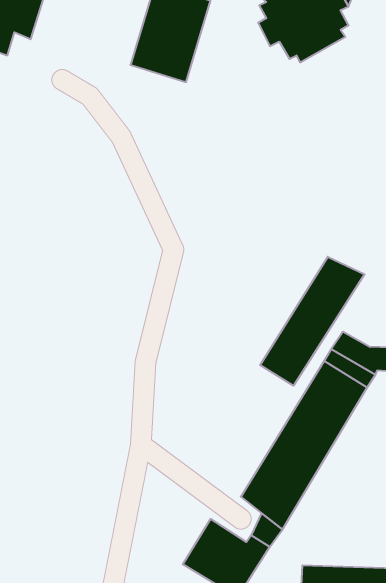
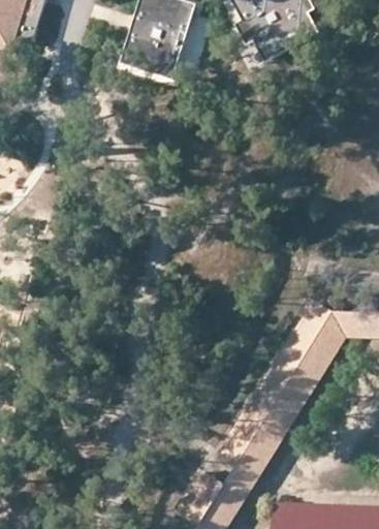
building: [260,257,365,386] -> none

